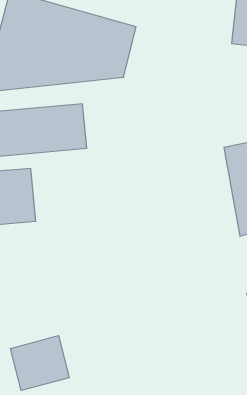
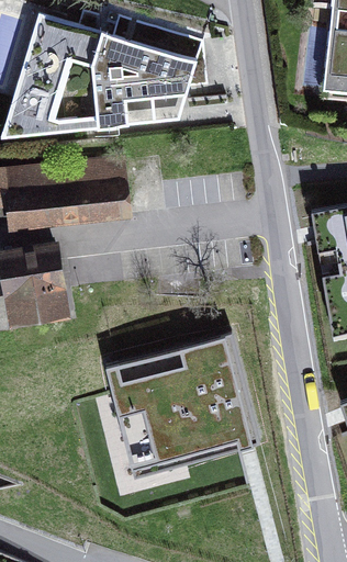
building: none -> [108,340,250,474]
building: [10,336,69,390] -> none

